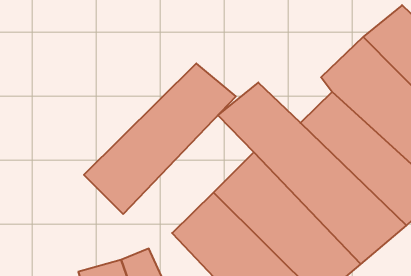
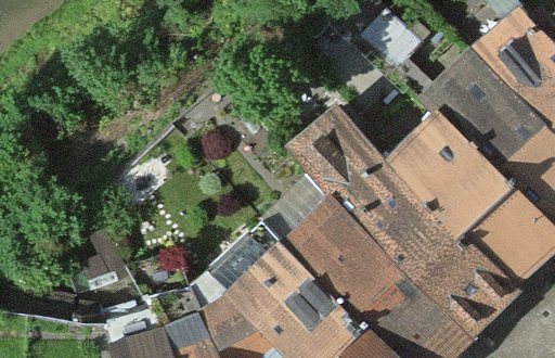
building: [84,63,236,214] -> none

